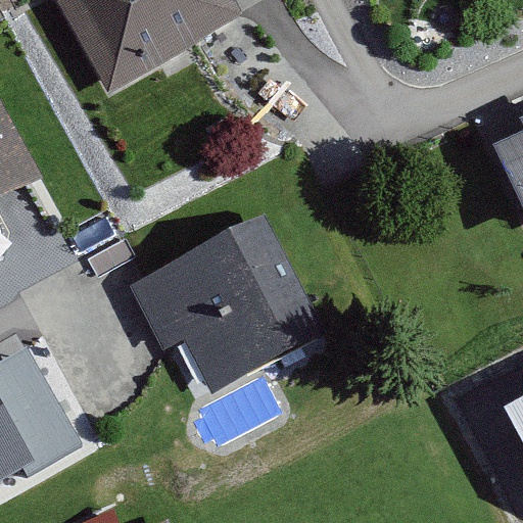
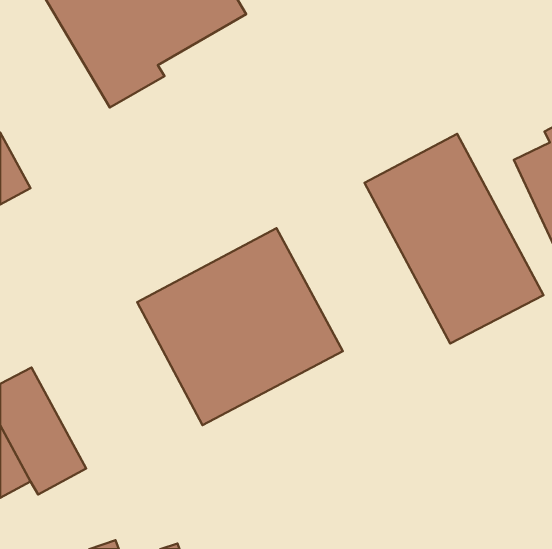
building: none -> [365,134,543,344]

